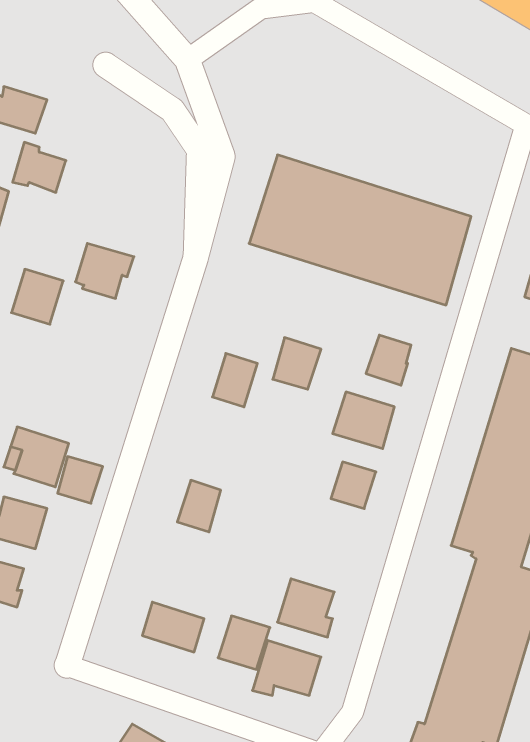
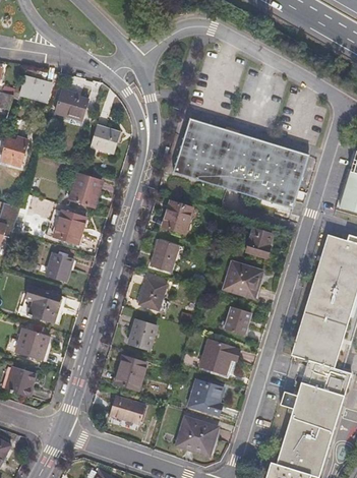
building: [13,142,66,192] -> [54,88,86,119]
building: none -> [91,126,120,154]
building: [11,269,63,324] -> [54,210,85,243]
building: [273,338,321,389] -> [162,201,191,233]
building: none -> [138,278,165,310]
building: [58,457,103,503] -> [46,251,73,280]
building: none -> [199,342,238,373]
building: [218,616,270,669] -> [114,355,145,387]

